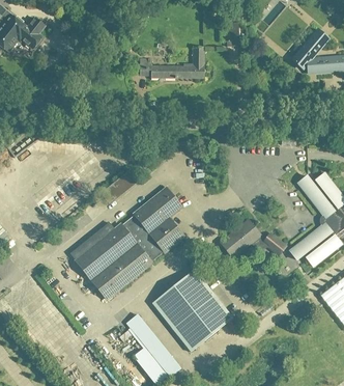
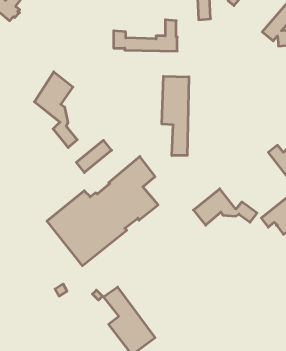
building: none -> [34,72,77,148]
building: none -> [162,76,189,156]
building: [152,268,233,351] -> none

